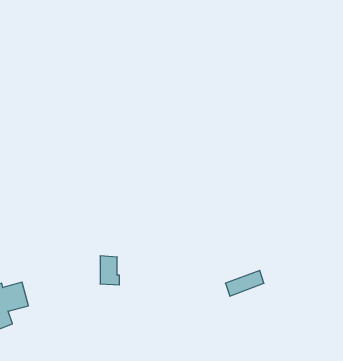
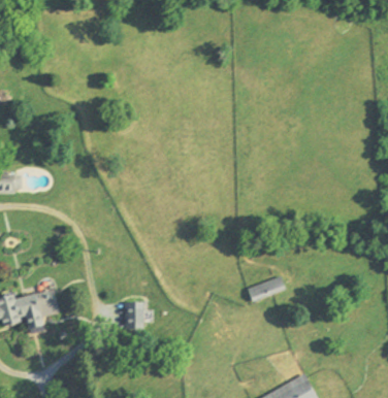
building: [100,256,119,285] -> [124,303,142,331]

